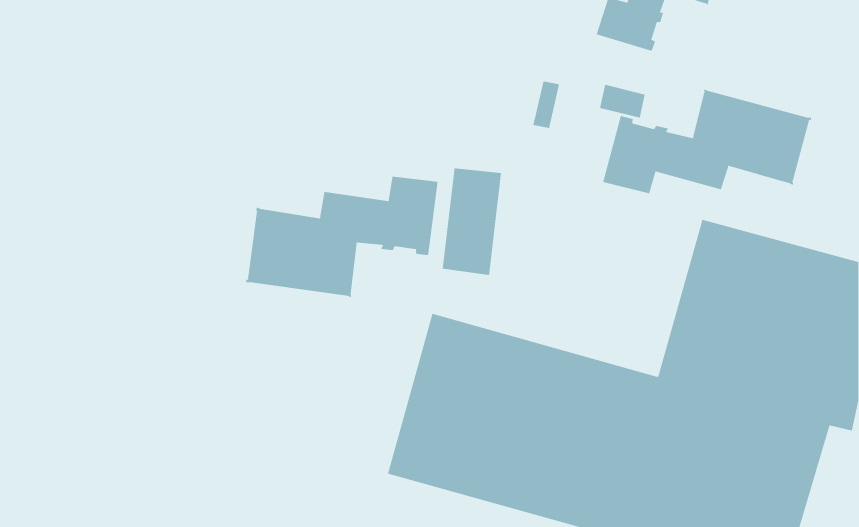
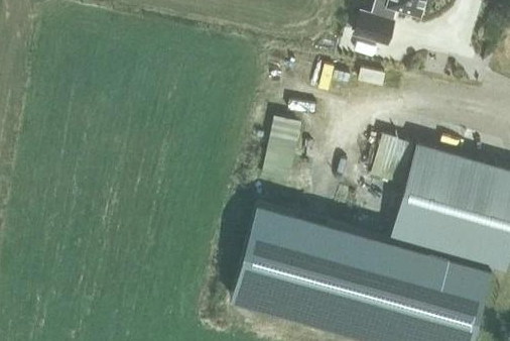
building: [603,88,812,194] -> none
building: [246,176,438,298] -> none

